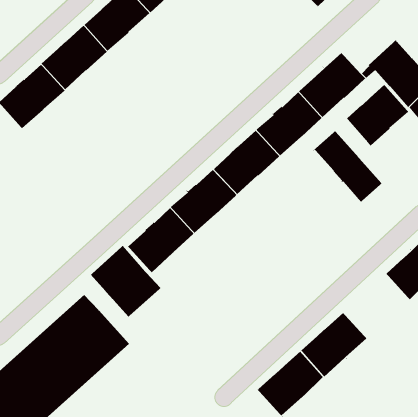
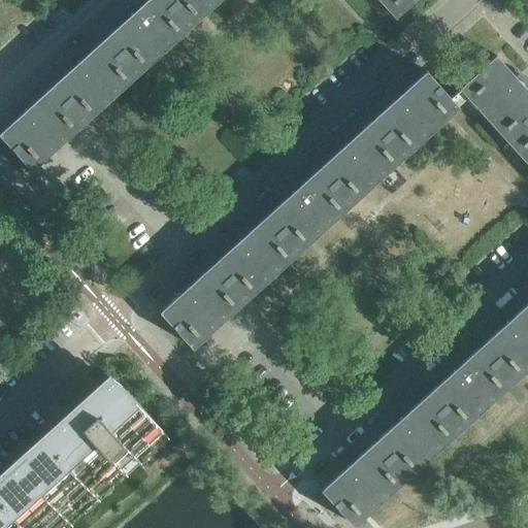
building: [345,83,410,148] -> none
building: [312,130,384,203] -> none
building: [88,244,163,319] -> none
building: none -> [428,346,514,430]

